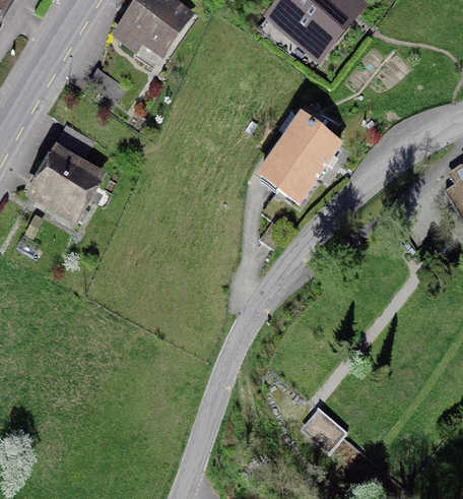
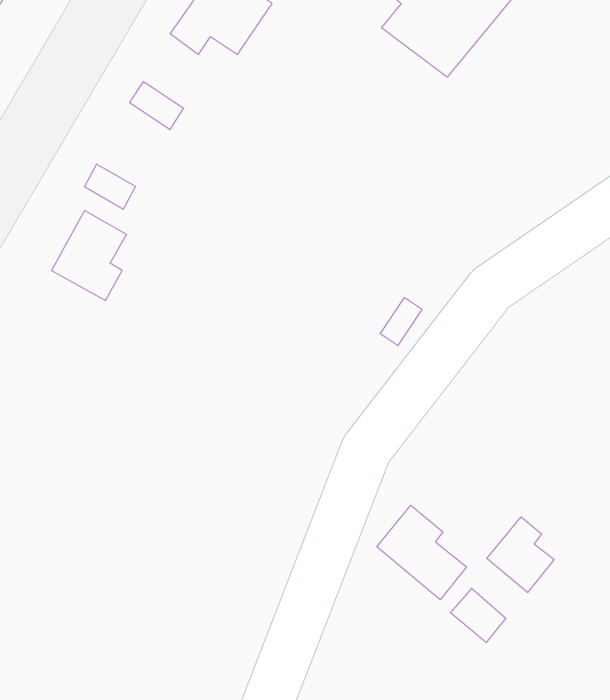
building: [266,117,338,199] -> none
building: none -> [377,505,466,600]
building: none -> [487,517,554,593]

